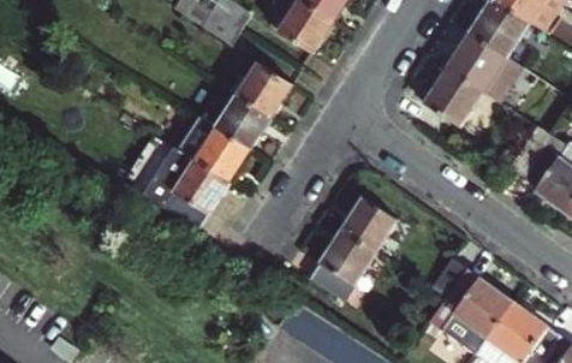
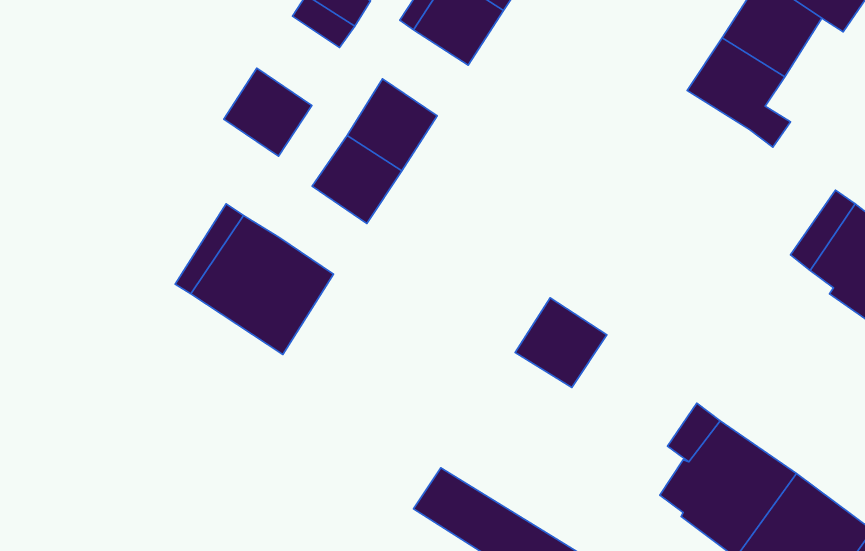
building: [423,69,484,127] -> none
building: [195,127,249,182] -> [224,68,312,156]
building: [309,230,375,300] -> none

